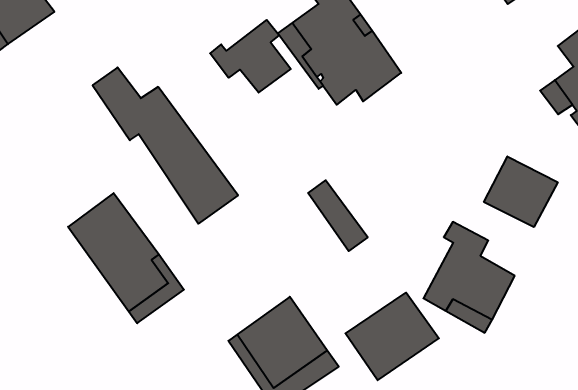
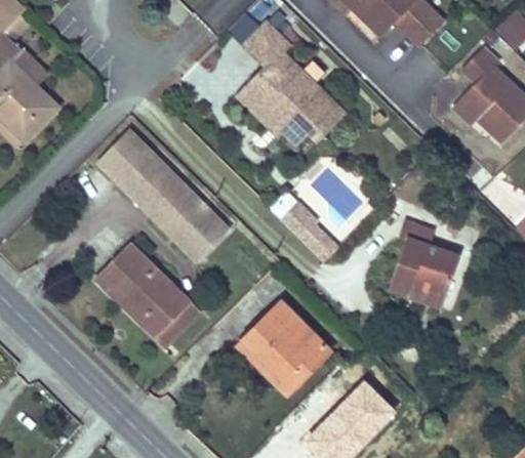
building: [210,20,291,93] -> none
building: [484,156,558,227] -> none
building: [345,293,439,380] -> none

